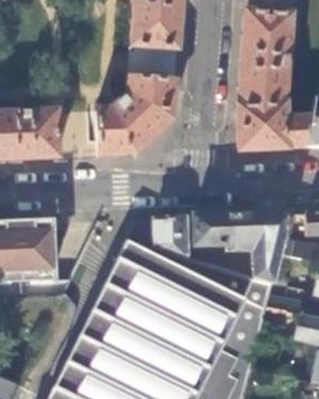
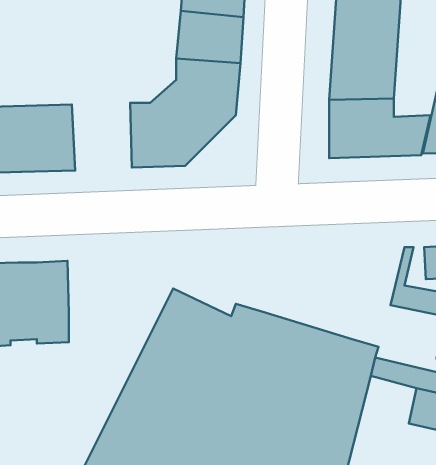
building: [57,109,99,157] -> none
building: [196,211,293,283] -> none
building: [157,216,192,257] -> none

